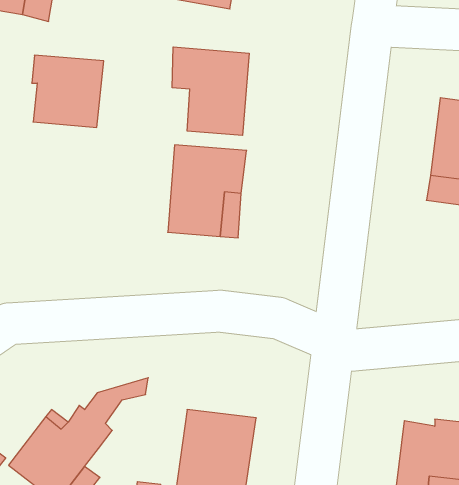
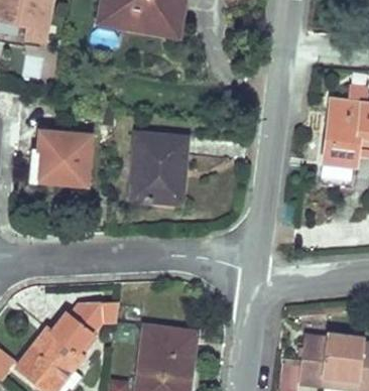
building: [172,47,249,135] -> none
building: [32,55,104,127] -> [39,131,92,183]

